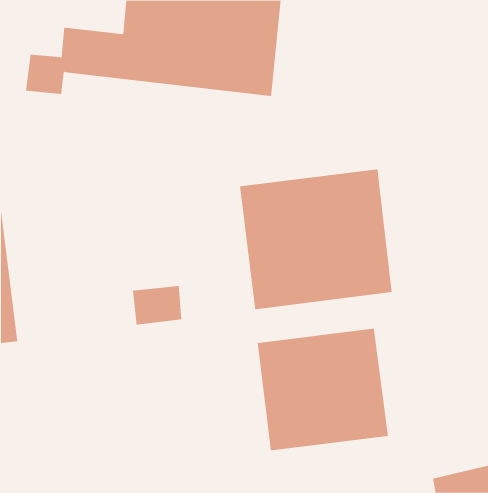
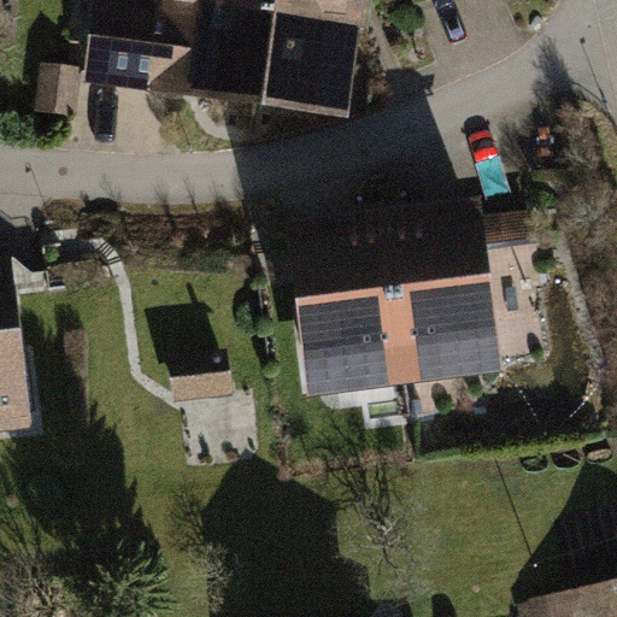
building: [257,328,389,451] -> none

